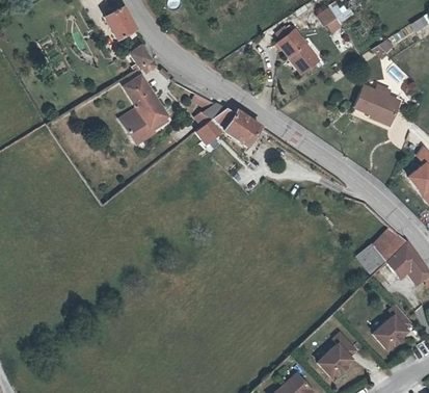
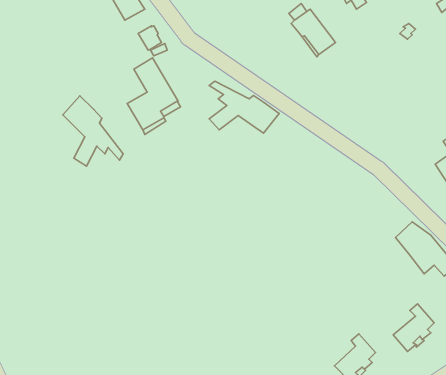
building: [356,86,402,125] -> none
building: none -> [63,96,123,166]
building: [357,243,386,272] -> none

